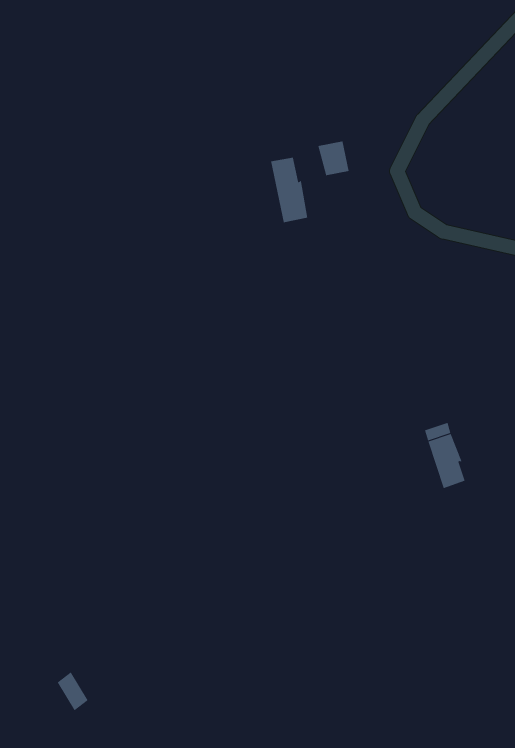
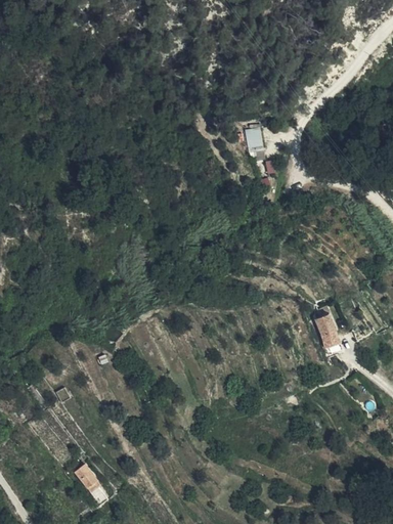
building: [270,157,308,223] -> none

